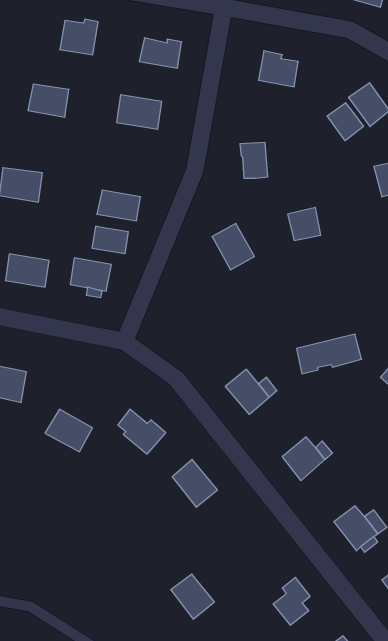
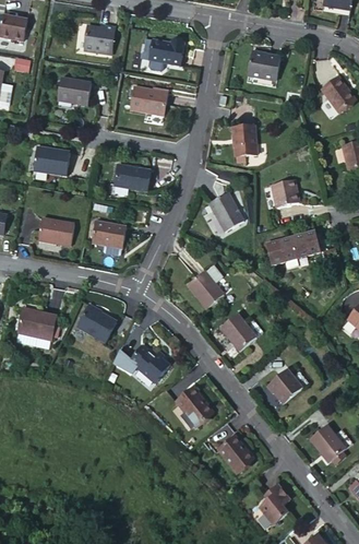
building: [327,103,364,141] -> none
building: [92,226,128,254] -> none
building: none -> [187,265,223,308]
building: [297,334,362,374] -> [266,230,320,263]
building: [45,409,93,452] -> [76,306,116,341]
building: [171,574,214,619] -> [217,436,253,473]

